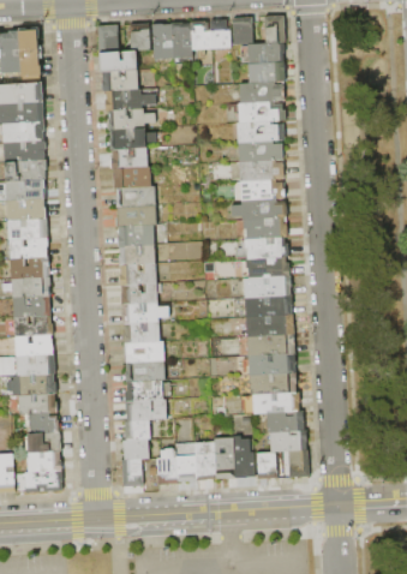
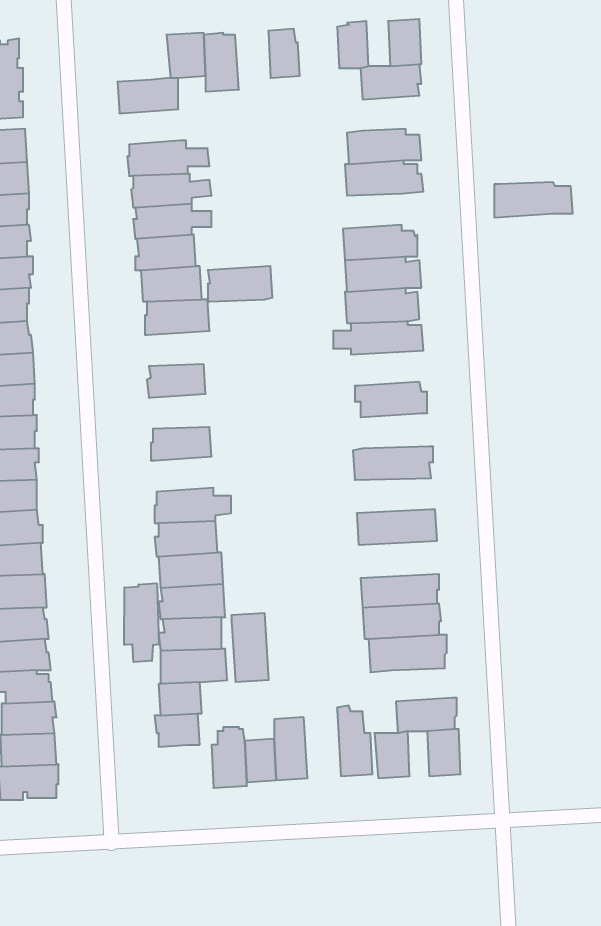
building: [209,19,231,49] -> none
building: [170,22,192,58] -> none
building: [97,24,119,53] -> none
building: [247,61,285,83] -> none
building: [101,70,137,91] -> none
building: [237,121,285,143] -> [494,182,573,218]
building: [116,205,156,227] -> [208,266,272,301]
building: [241,217,287,239] -> none
building: [118,244,155,265] -> none
building: [245,256,289,277] -> none
building: [120,282,157,304] -> none
building: [244,294,293,317] -> none
building: [246,334,295,357] -> none
building: none -> [124,583,159,662]
building: [267,412,304,432] -> none
building: [213,437,235,479] -> [231,613,269,682]
building: [120,459,143,488] -> none

